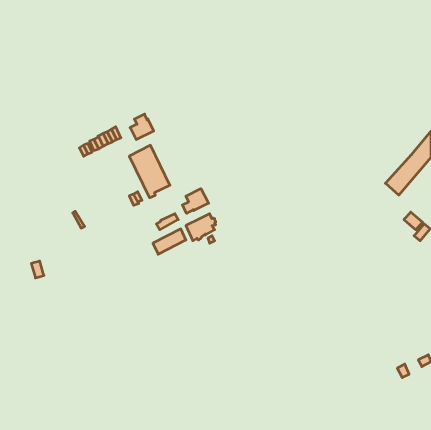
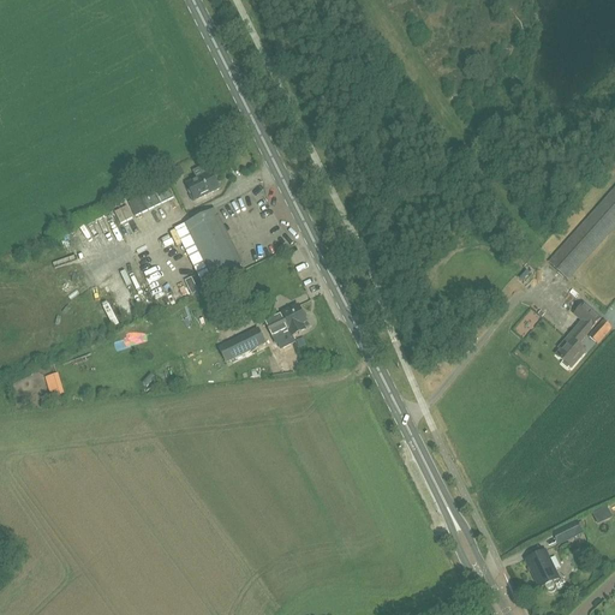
building: [182,189,209,213] -> none
building: none -> [556,320,591,365]
building: none -> [525,549,557,591]

